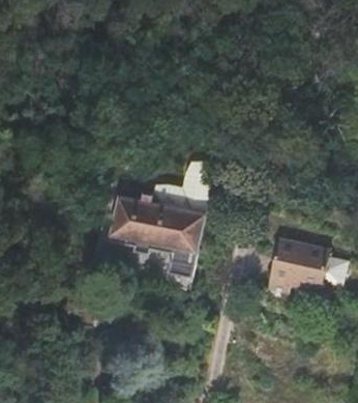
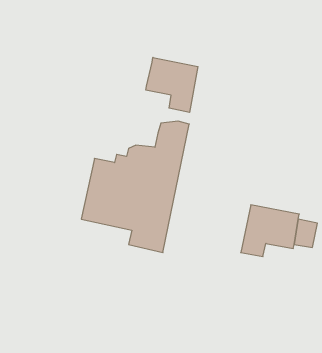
building: none -> [146,57,198,112]

